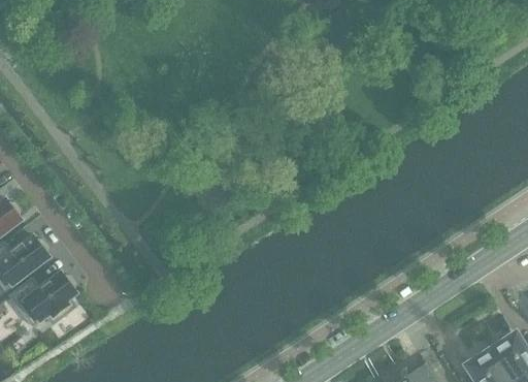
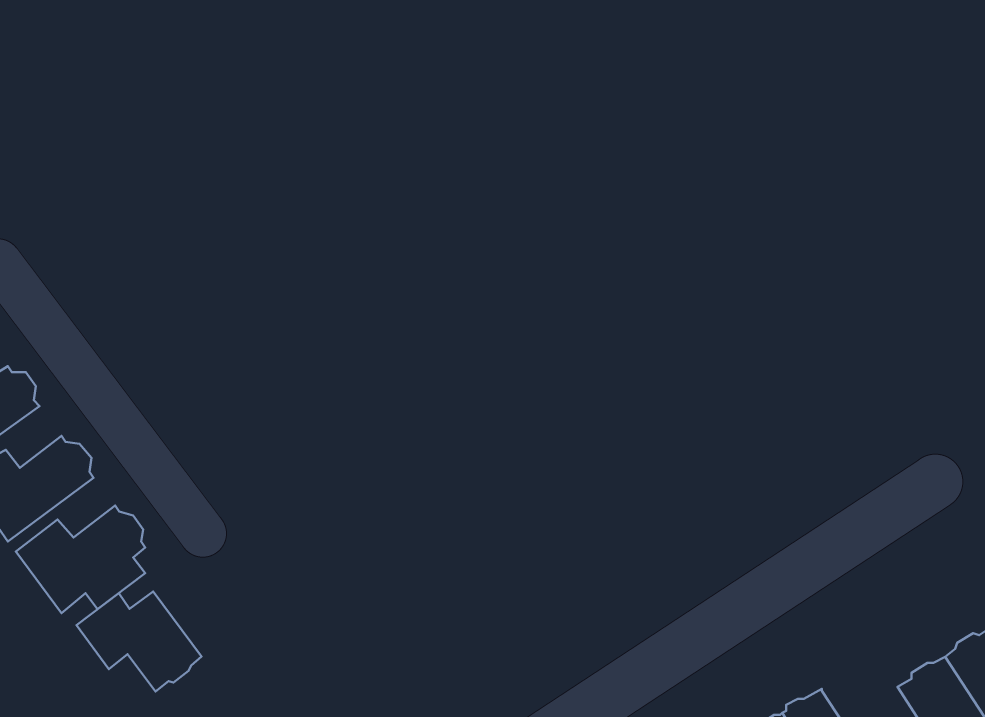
building: none -> [76,592,201,692]

